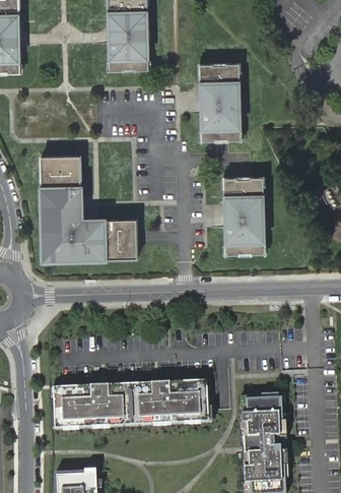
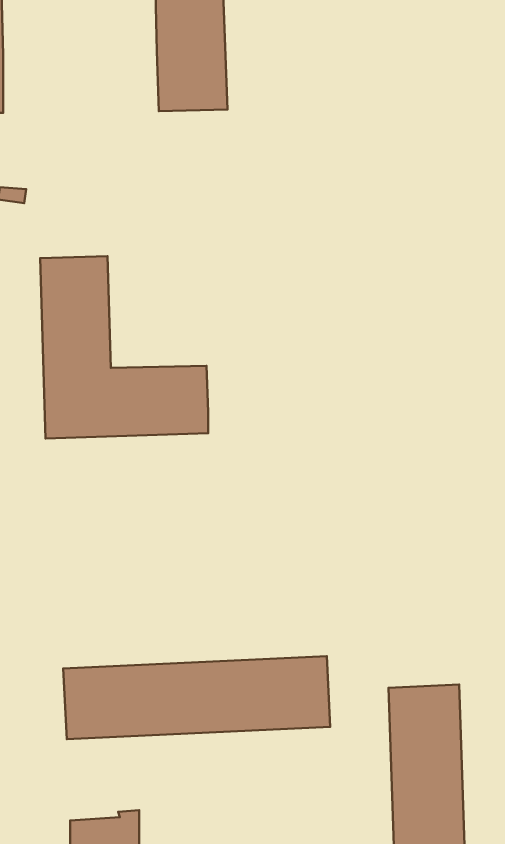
building: [199,62,241,139] -> none
building: [223,175,265,253] -> none

